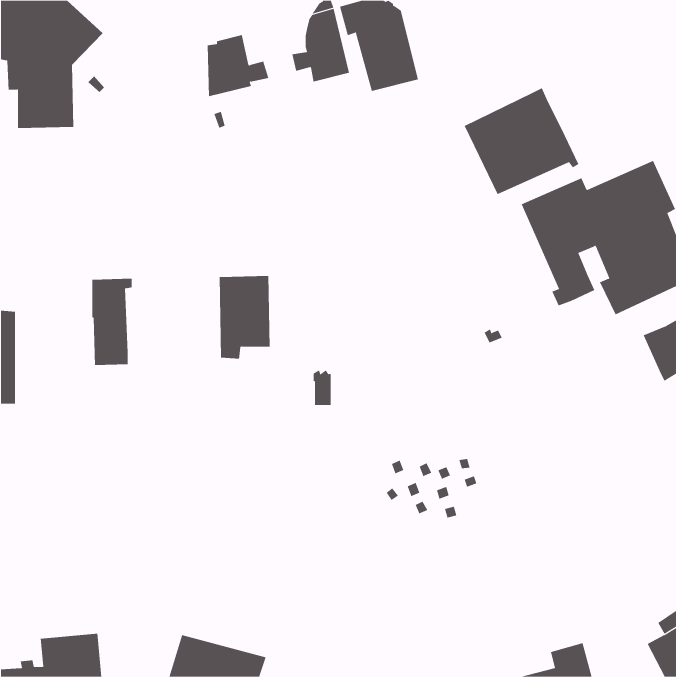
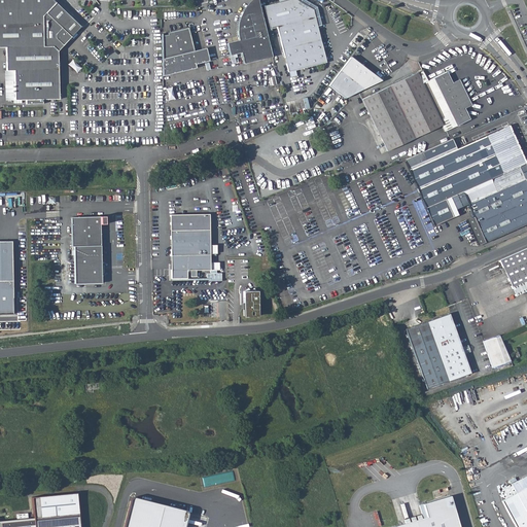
building: none -> [328,56,382,98]
building: none -> [427,70,471,128]
building: none -> [407,314,471,389]
building: none -> [484,336,510,368]

